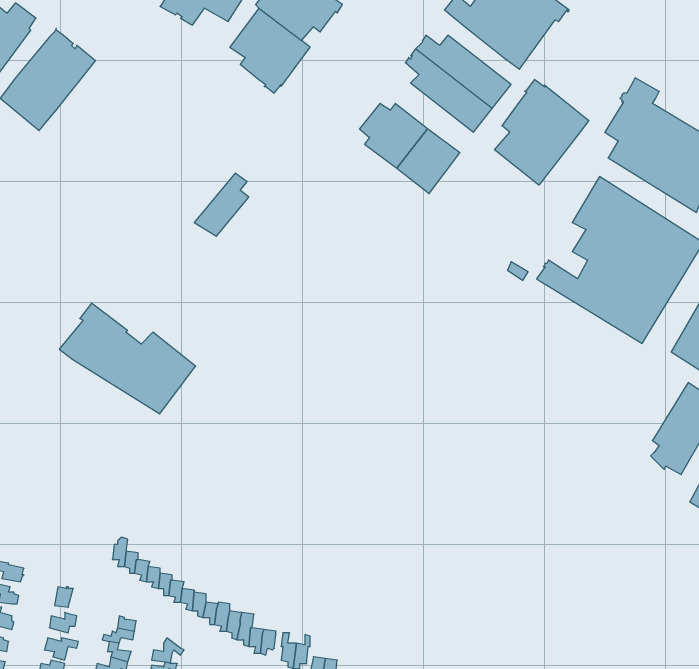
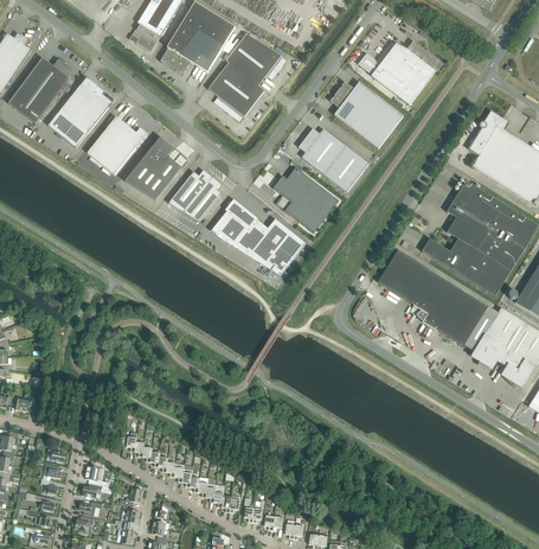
building: [495,79,589,185] -> none
building: none -> [88,116,148,173]
building: none -> [126,136,182,199]
building: none -> [274,167,339,232]
building: none -> [168,170,212,211]
building: none -> [378,249,488,345]
building: [59,303,196,414] -> [211,198,306,275]
building: none -> [471,307,527,368]

